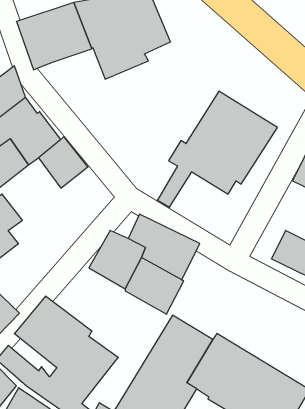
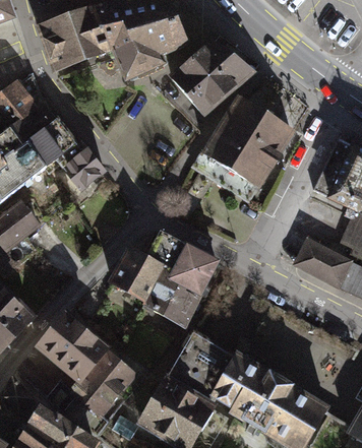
building: none -> [169,42,259,121]

